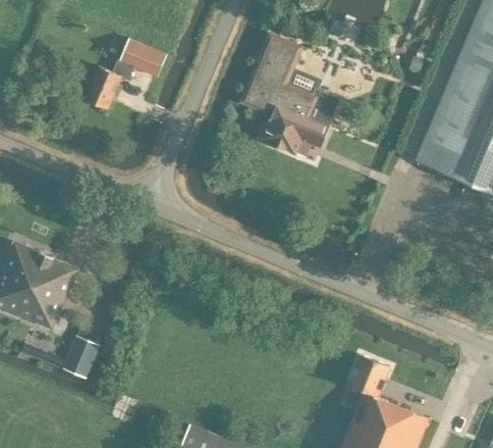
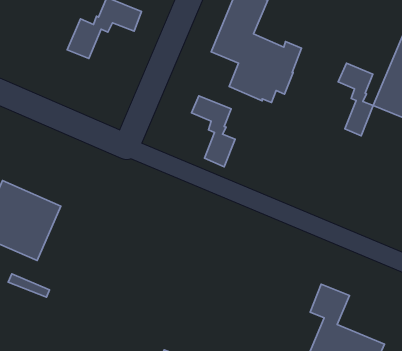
building: none -> [338,63,373,136]
building: none -> [191,96,235,167]
building: [62,336,100,379] -> none

